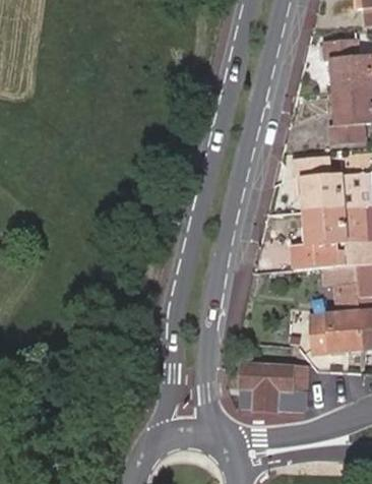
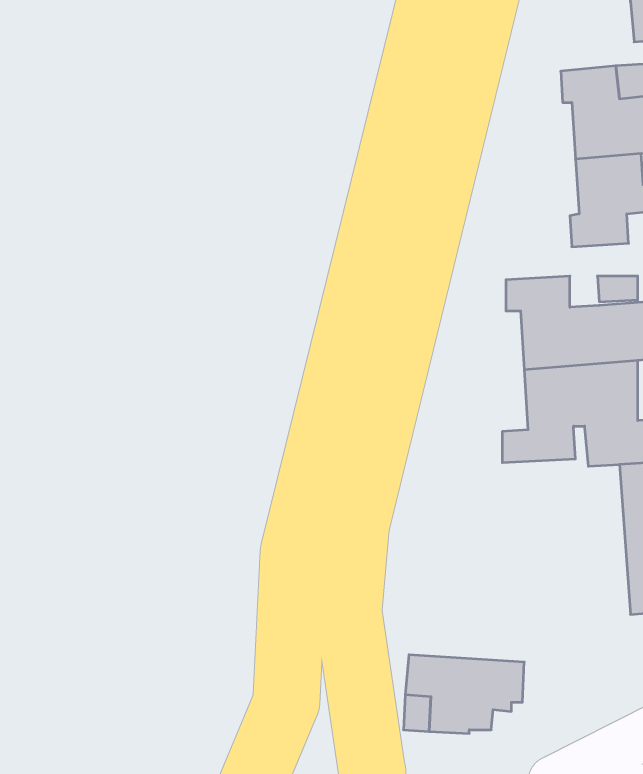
building: [313,264,363,352] -> none

